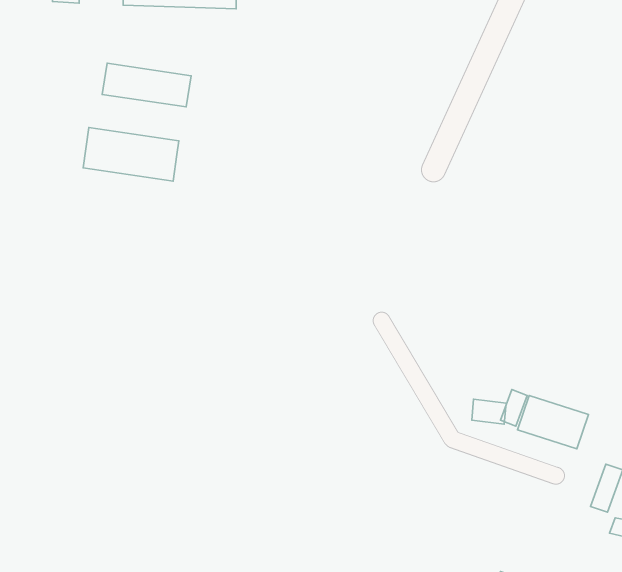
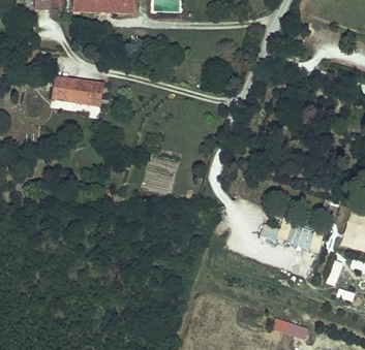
building: [102,63,191,107] -> none

